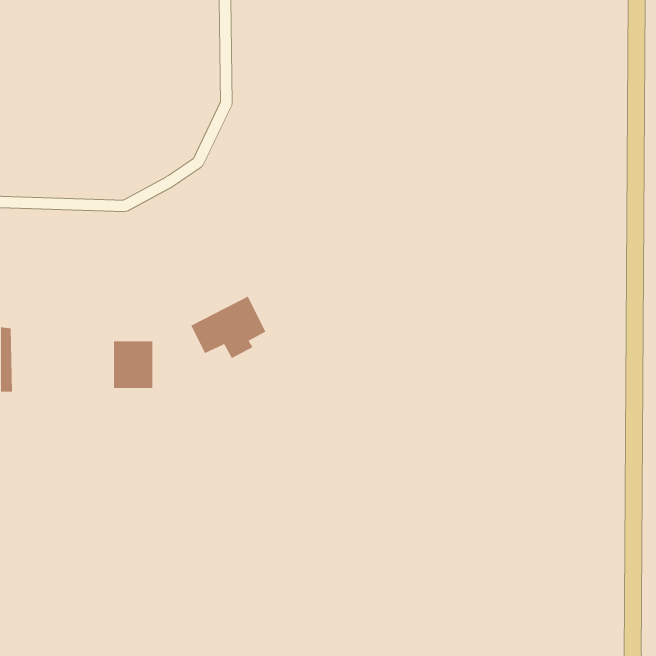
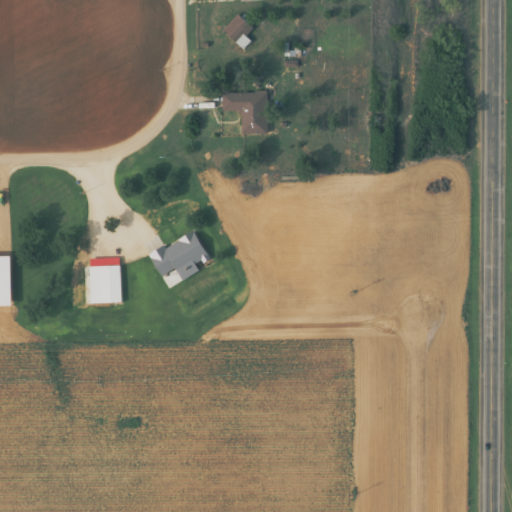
building: none -> [224,15,251,49]
building: none -> [222,91,267,134]

